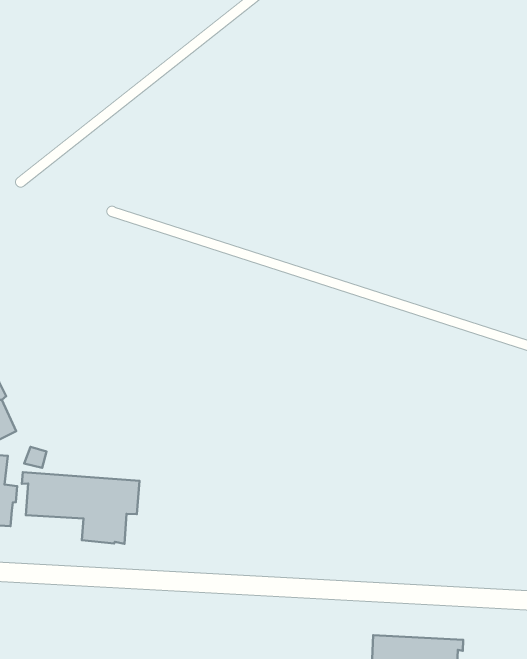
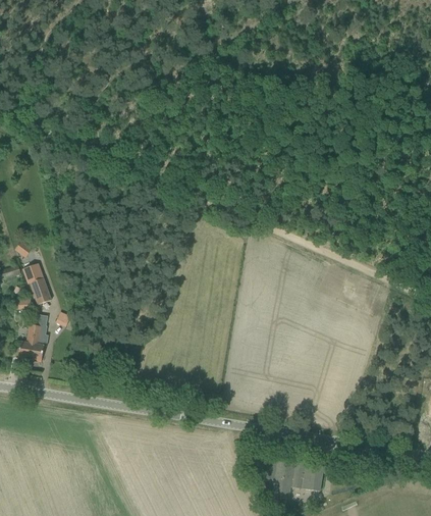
building: [22,472,140,544] -> none

